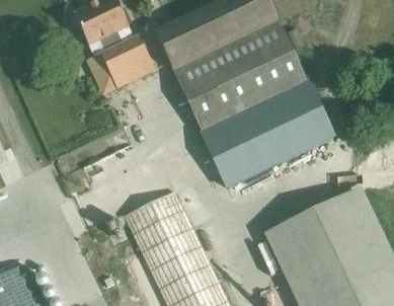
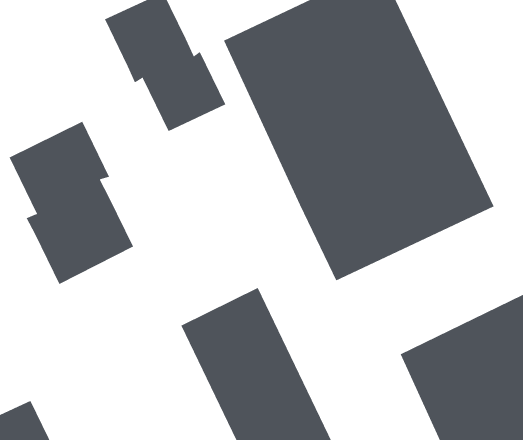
building: none -> [9,121,134,285]

